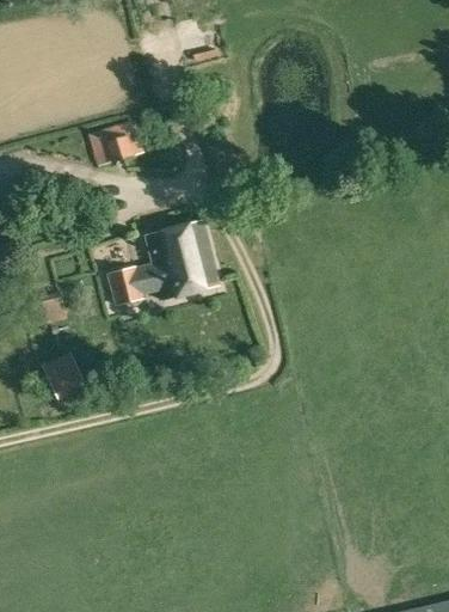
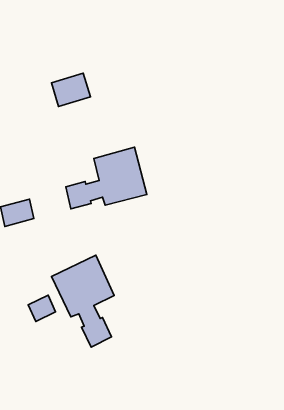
building: [47,360,84,396] -> [28,295,55,322]
building: none -> [51,255,114,347]

